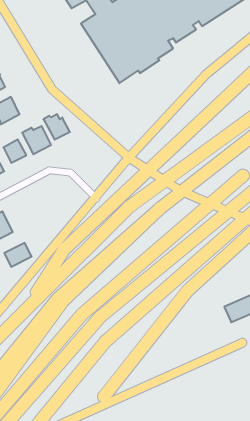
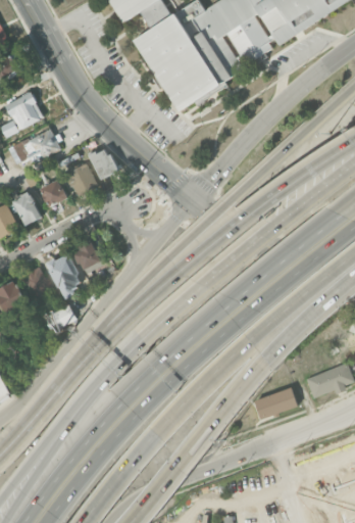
building: none -> [71,238,100,269]
building: none -> [46,253,79,290]
building: none -> [253,387,296,418]

